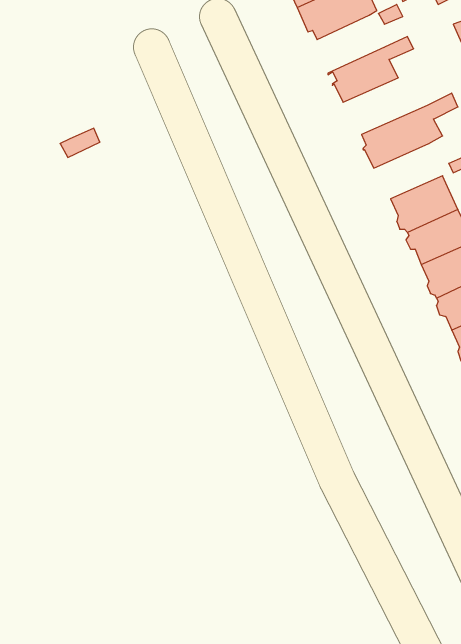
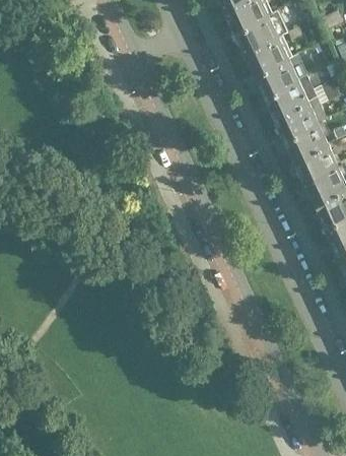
building: none -> [243,35,287,73]
building: none -> [260,73,332,114]
building: none -> [280,120,326,156]

